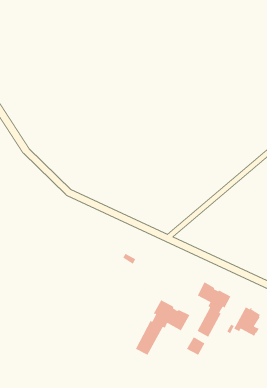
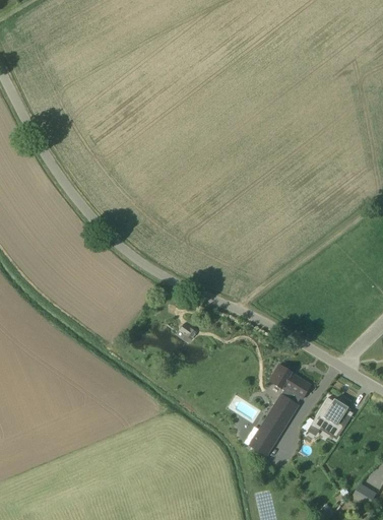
building: [135,299,190,356] -> none

